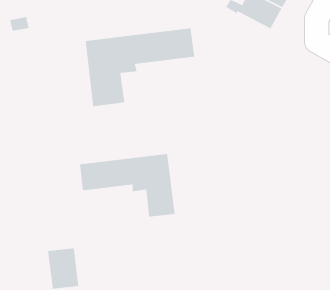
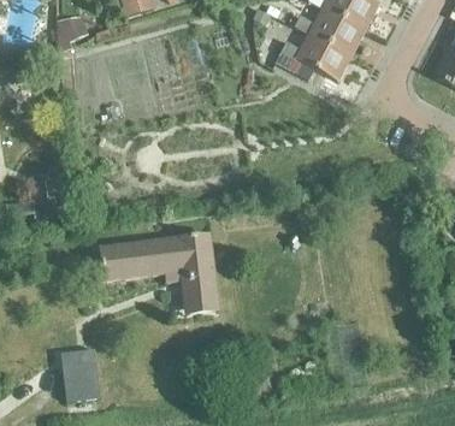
building: [85,28,195,107] -> none

